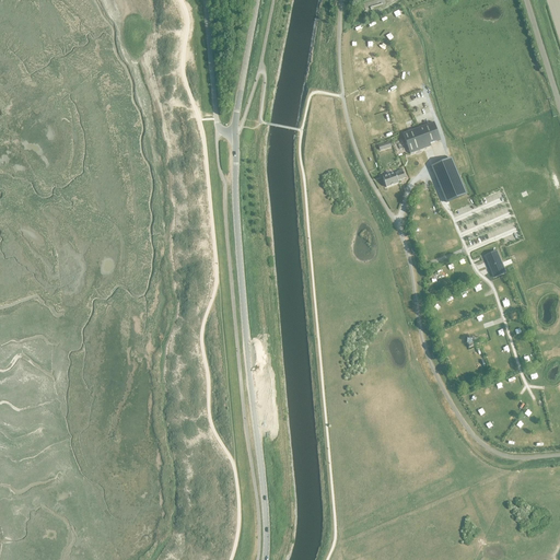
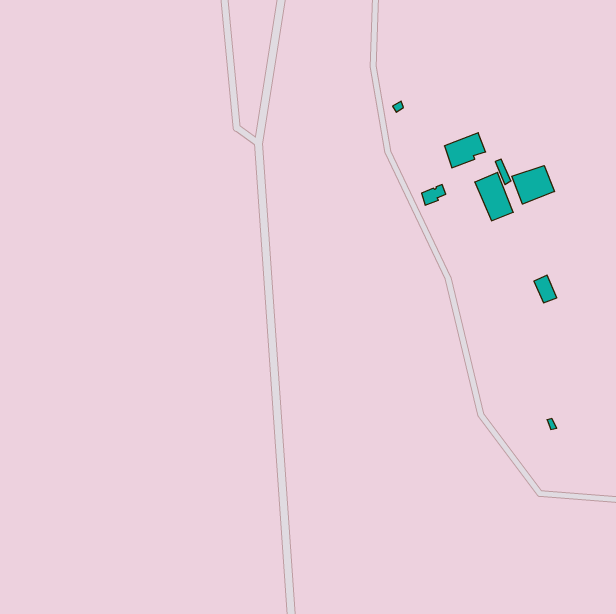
building: none -> [512,166,554,204]

